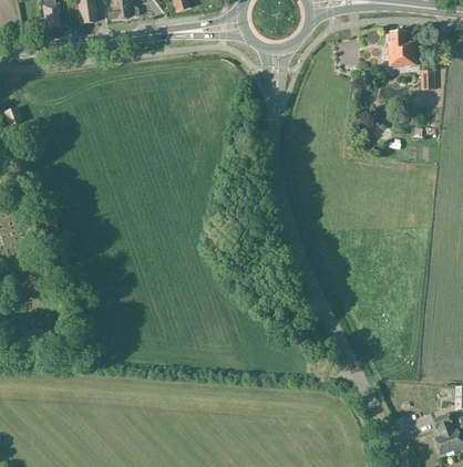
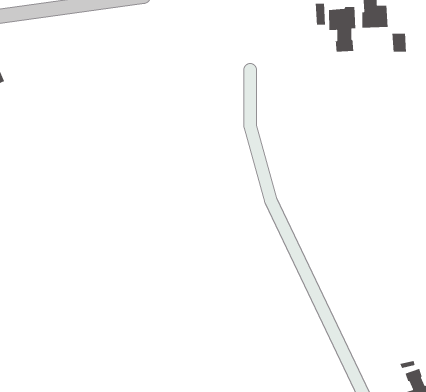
building: none -> [328,6,356,52]

